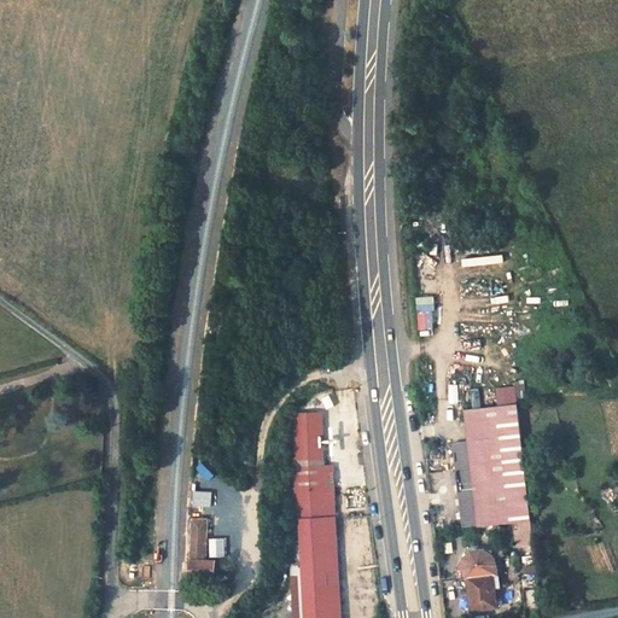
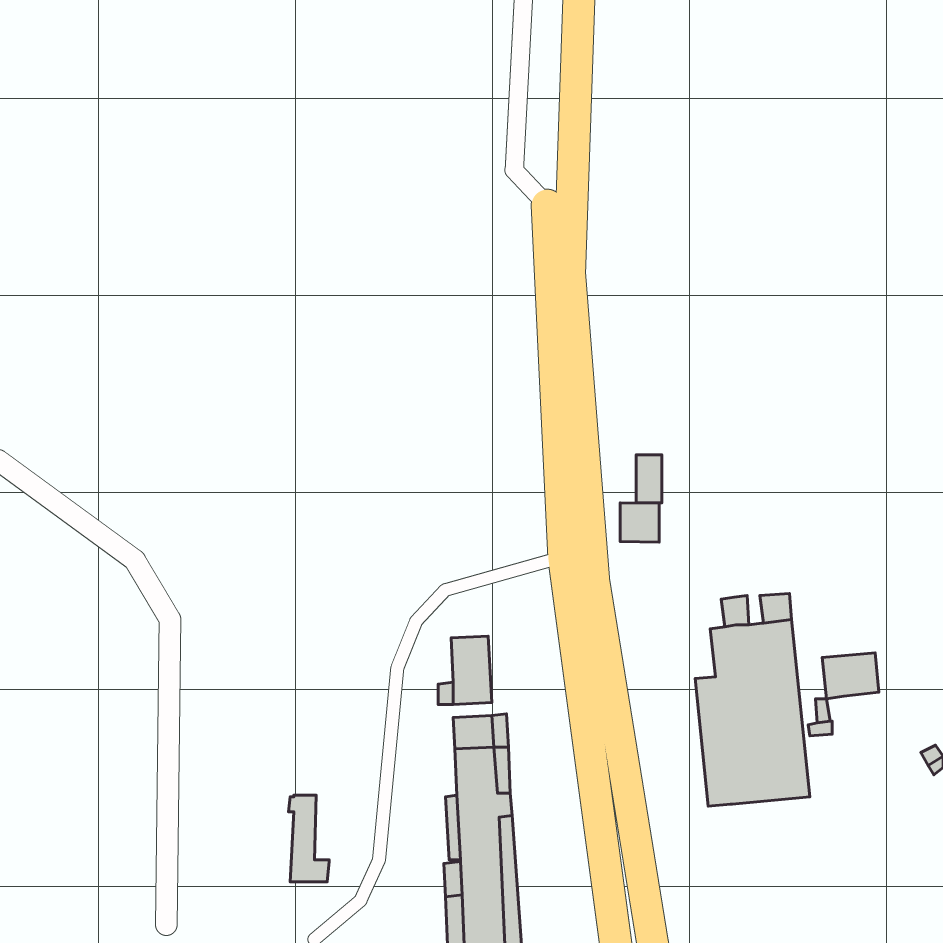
building: none -> [620,503,659,542]
building: none -> [822,653,879,699]
building: [462,550,497,611] -> none

